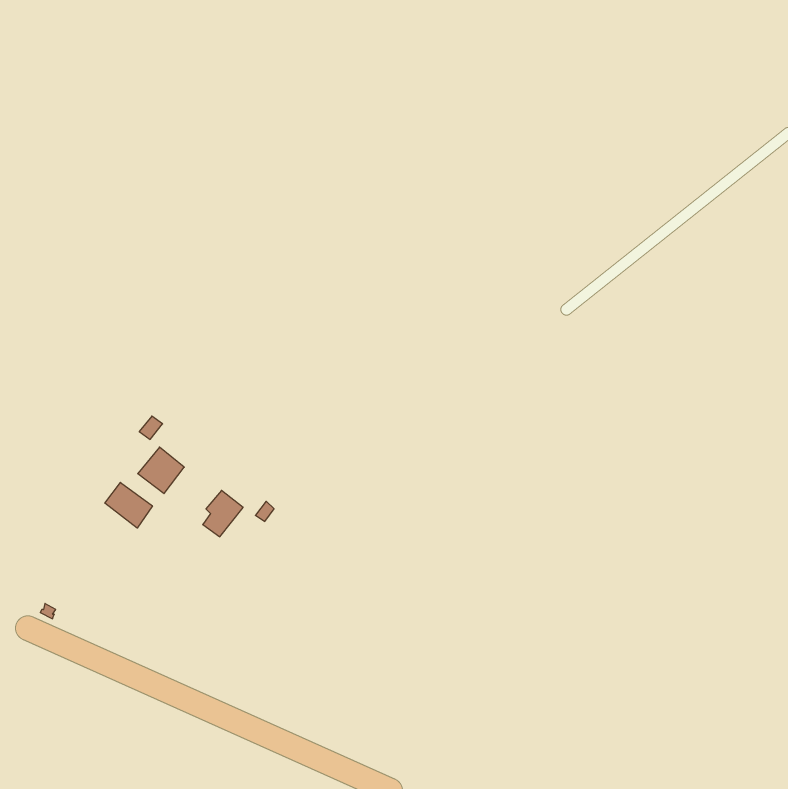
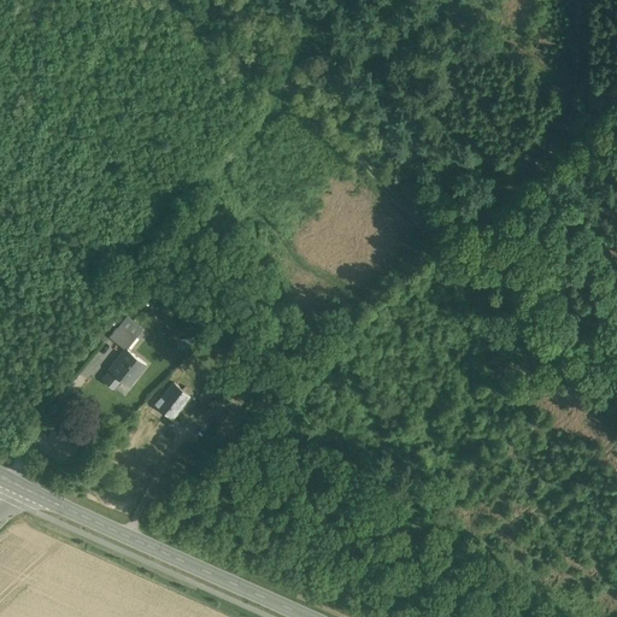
building: [105,482,152,528] -> none

